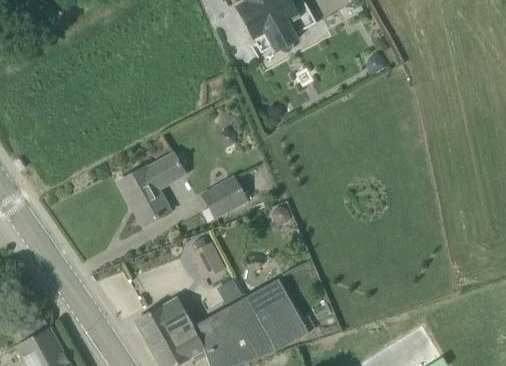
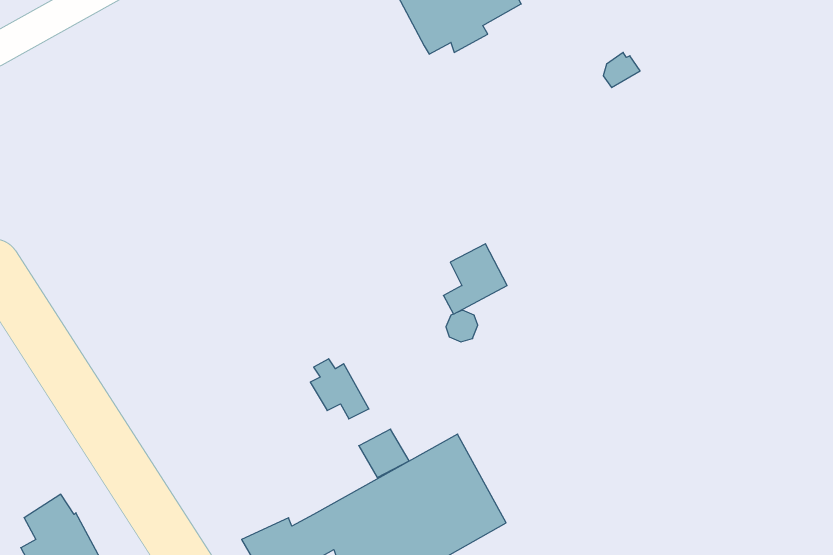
building: [118,151,186,226] -> none
building: [209,175,247,217] -> [443,244,507,314]
building: [136,298,191,342] -> none

